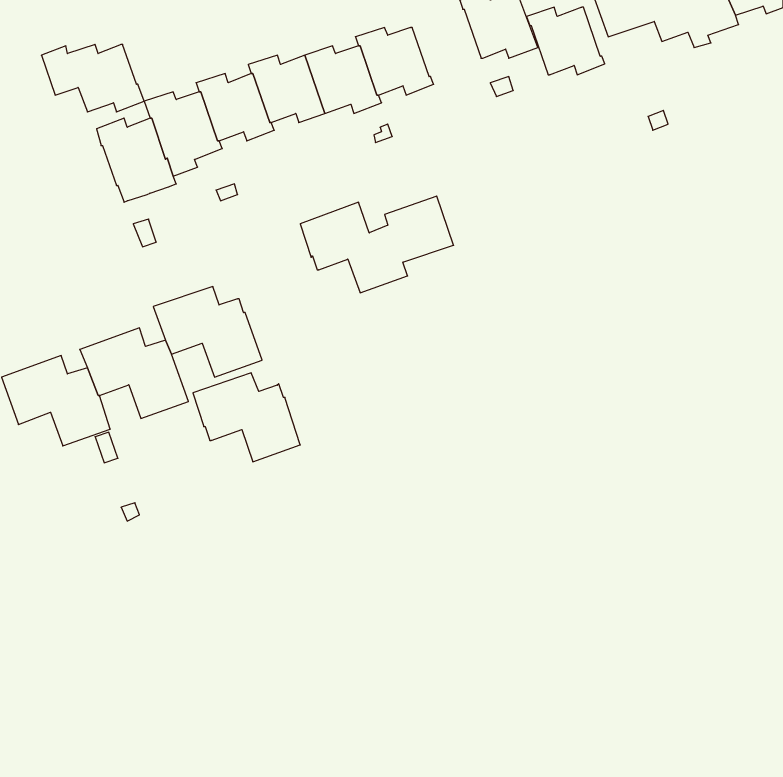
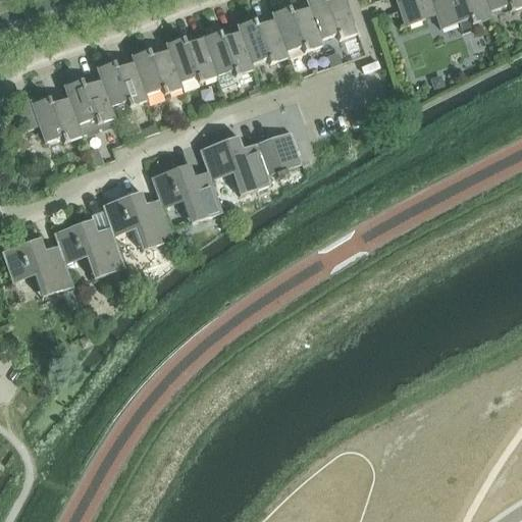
building: [527,7,605,75] -> [271,6,323,51]
building: [41,44,144,112] -> [14,97,83,142]
building: [193,373,300,462] -> [151,163,222,222]

